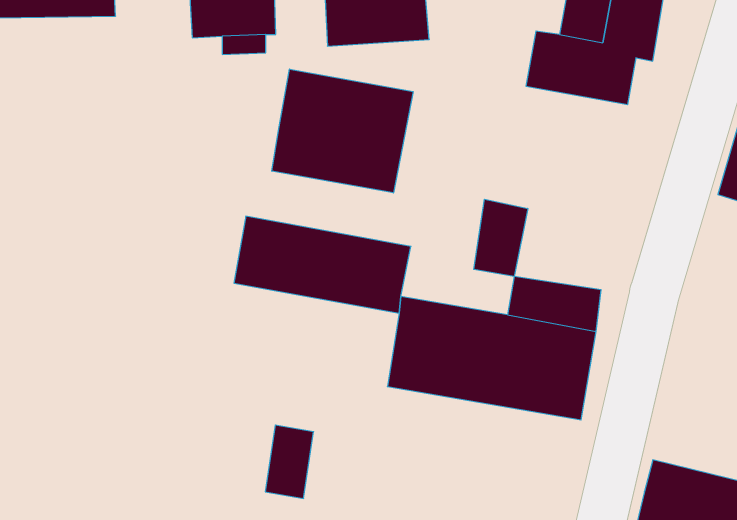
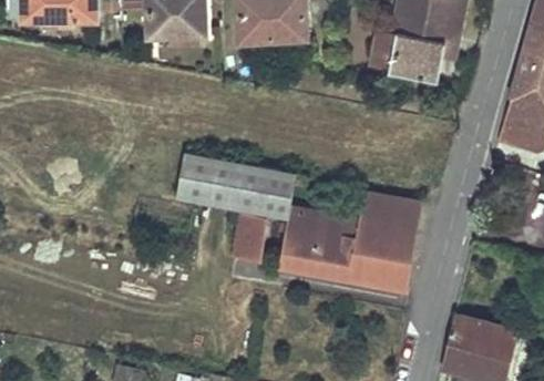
building: [272,69,413,193] -> none
building: [474,199,528,276] -> none
building: [265,425,314,498] -> [235,214,267,262]

